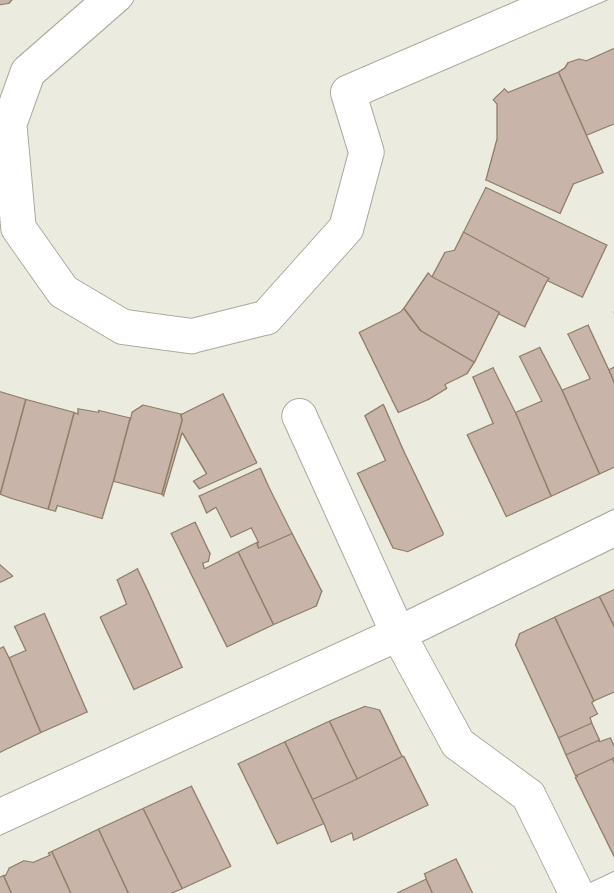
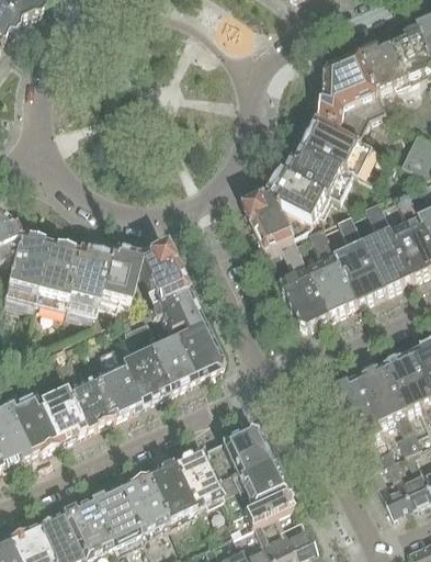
building: [357,405,443,552] -> [280,239,330,326]
building: none -> [120,325,166,404]
building: none -> [49,346,111,430]
building: none -> [145,461,195,521]
building: none -> [240,485,293,524]

